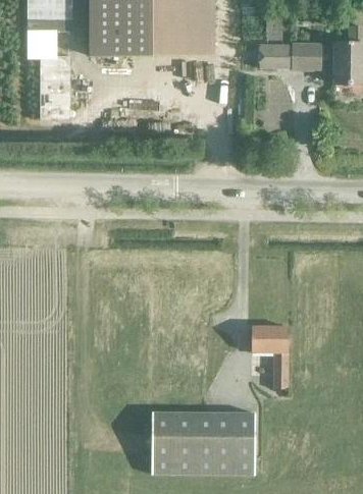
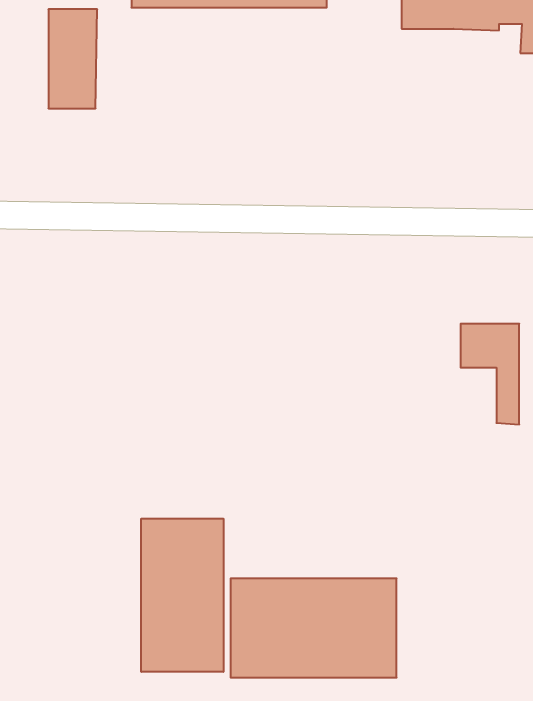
building: [251,325,288,388] -> [461,324,519,424]
building: none -> [141,519,223,672]

